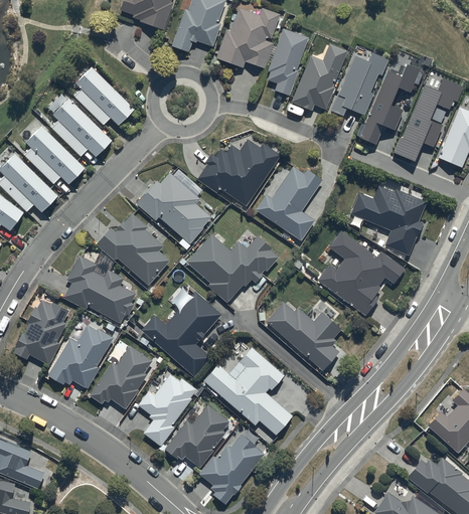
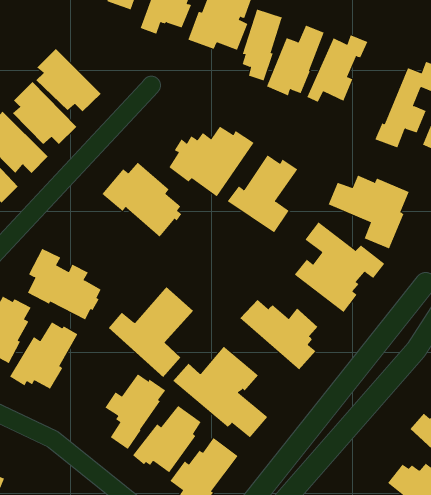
building: [359,63,424,145] -> none
building: [96,212,170,286] -> none
building: [179,233,279,302] -> none
building: [89,345,152,408] -> none

